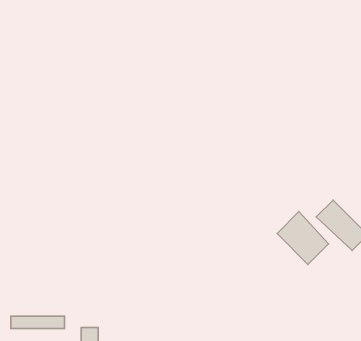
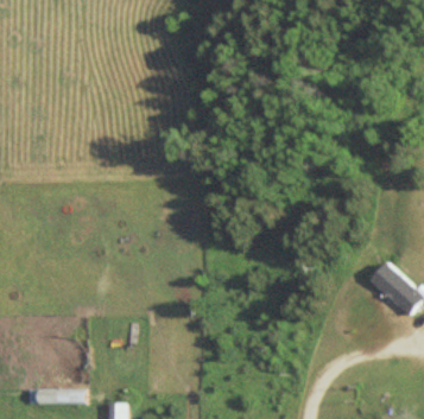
building: [277,212,328,264] -> none

